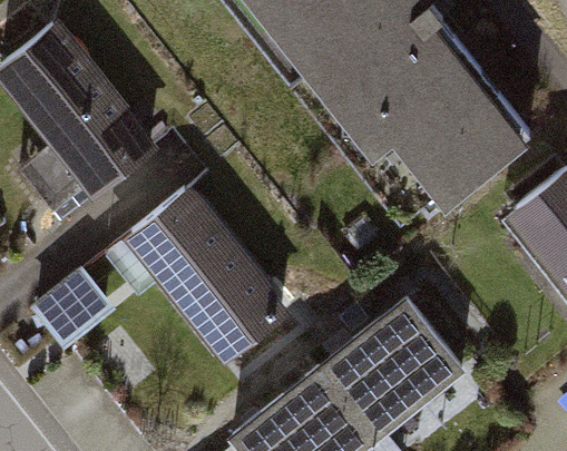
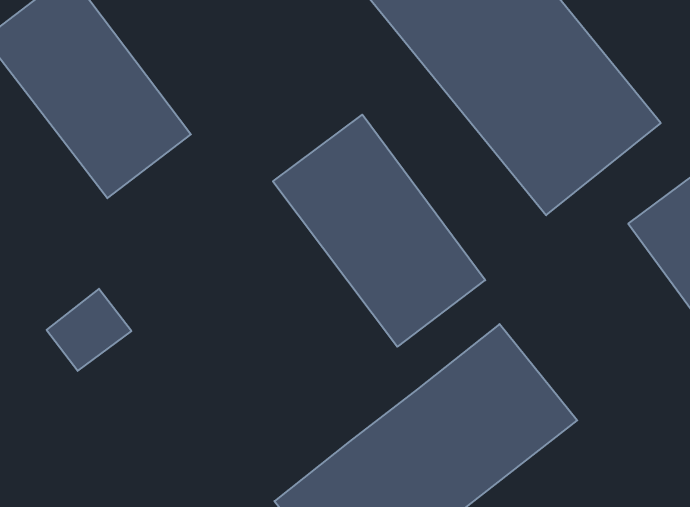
building: [124,186,291,369] -> [273,115,485,347]

